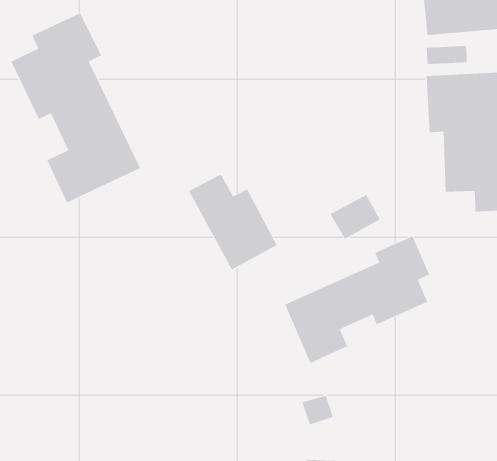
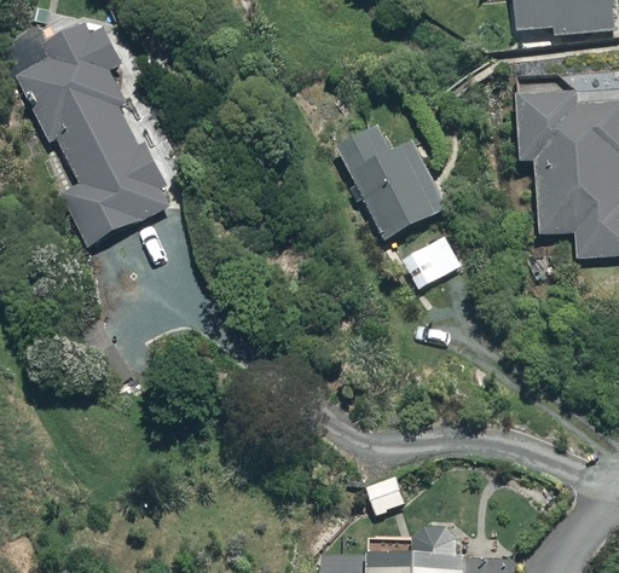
building: [188,174,278,270] -> [339,125,446,241]
building: [284,236,430,364] -> none

